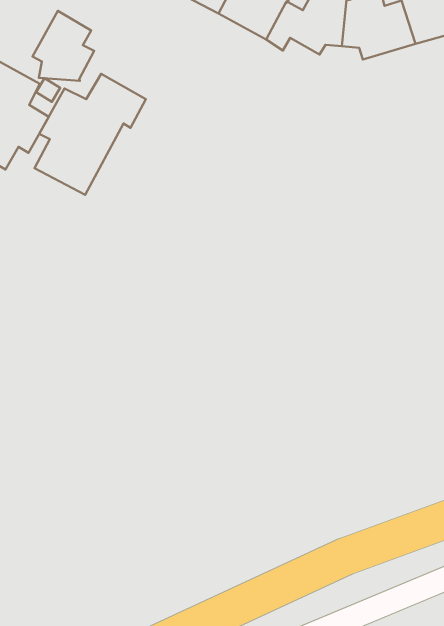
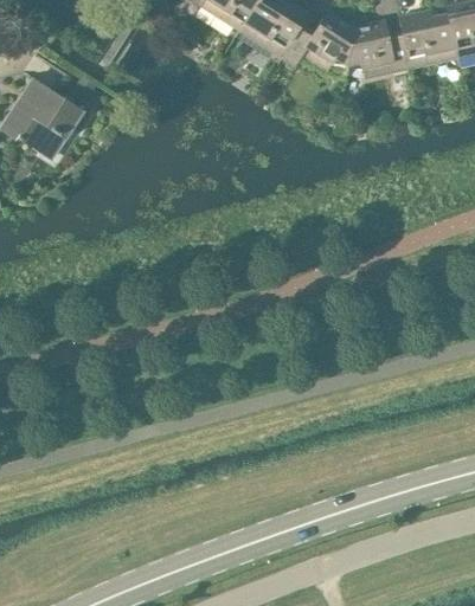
building: [33,11,94,81] -> none
building: [35,74,146,195] -> none

